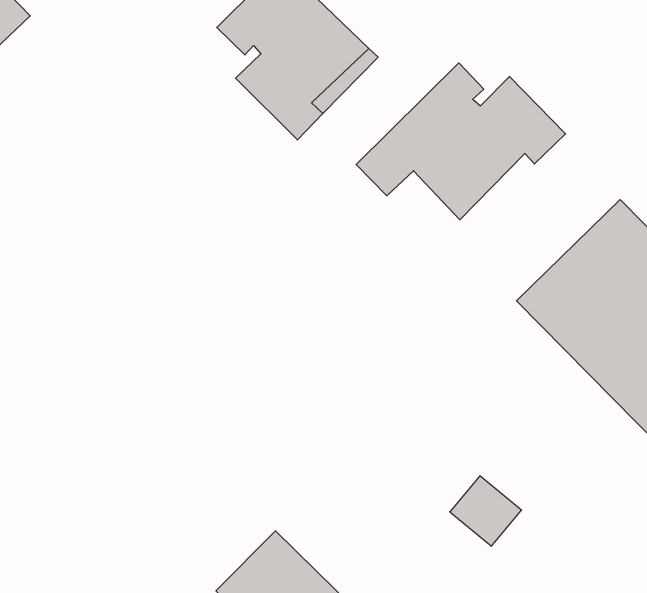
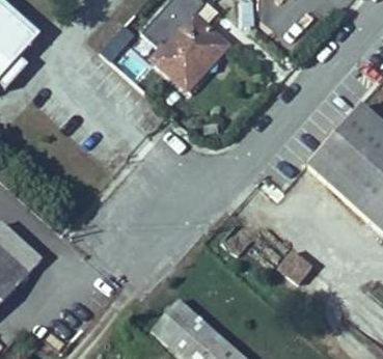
building: [356,63,566,220] -> none

